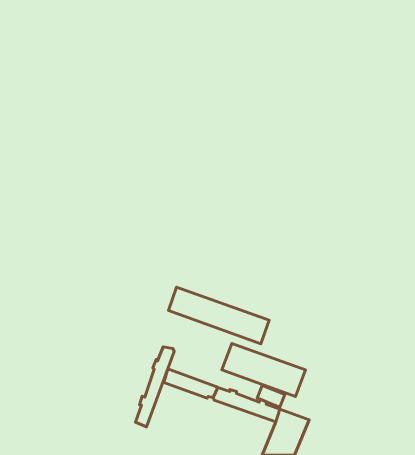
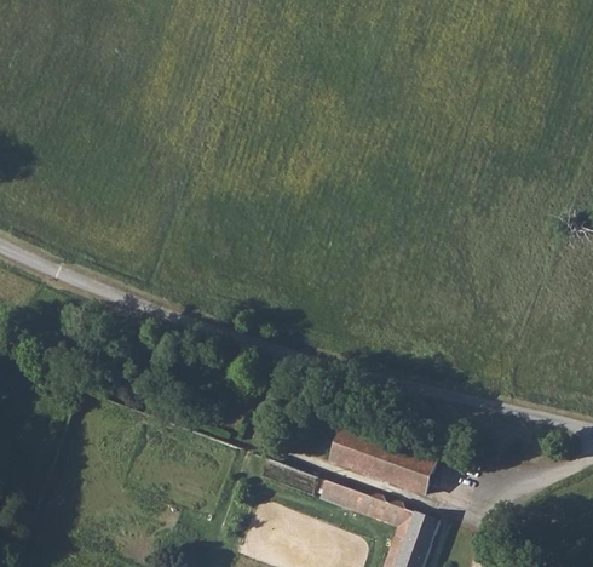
building: [169,287,269,344] -> none
building: [135,347,174,427] -> none

